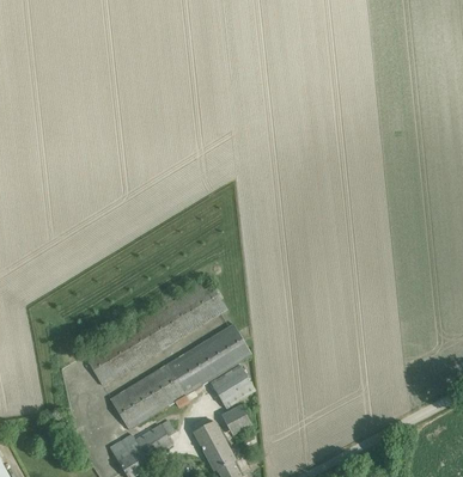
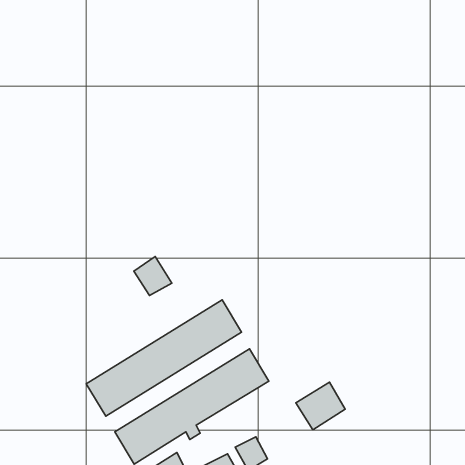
building: none -> [134,257,172,296]
building: [211,363,256,408] -> [296,382,345,430]

